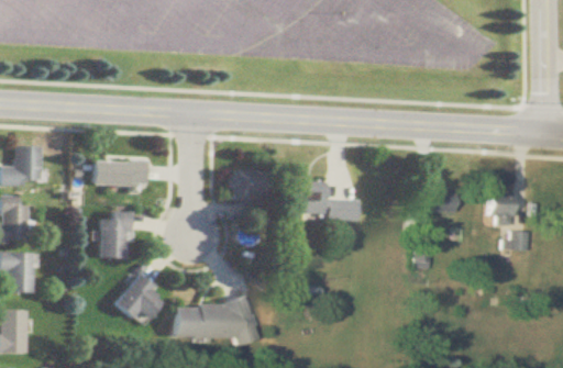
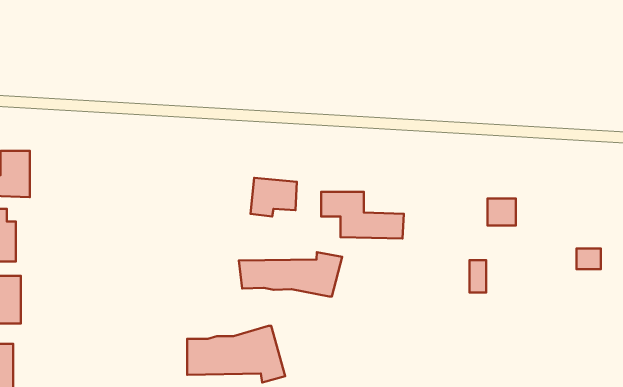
building: [93,161,147,187] -> none
building: [492,191,512,224] -> none
building: [99,212,129,259] -> none
building: none -> [239,252,342,296]
building: [115,277,165,326] -> none

